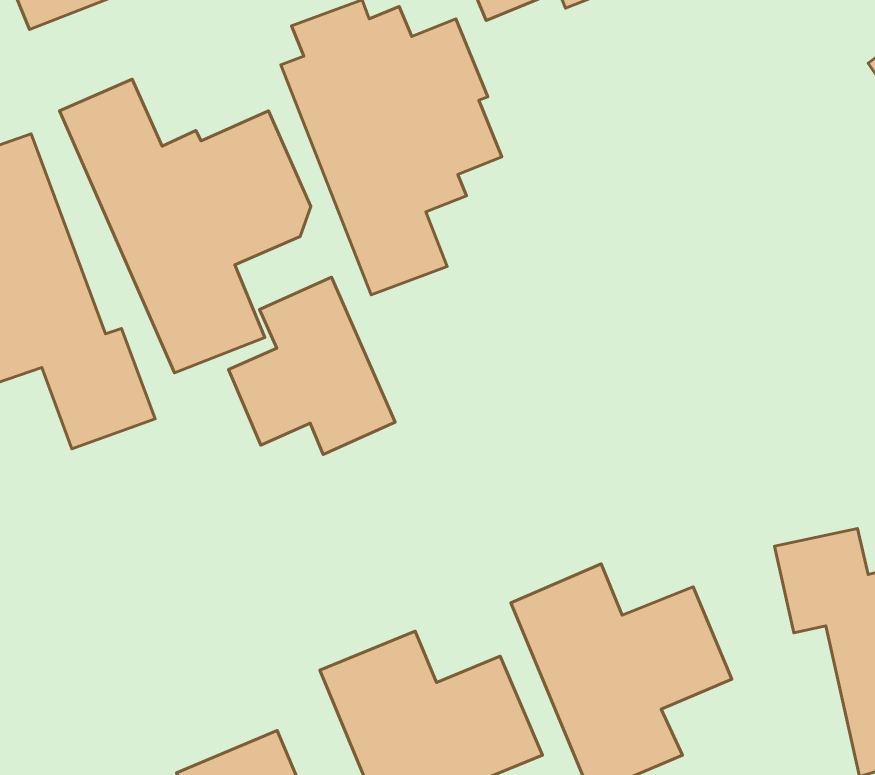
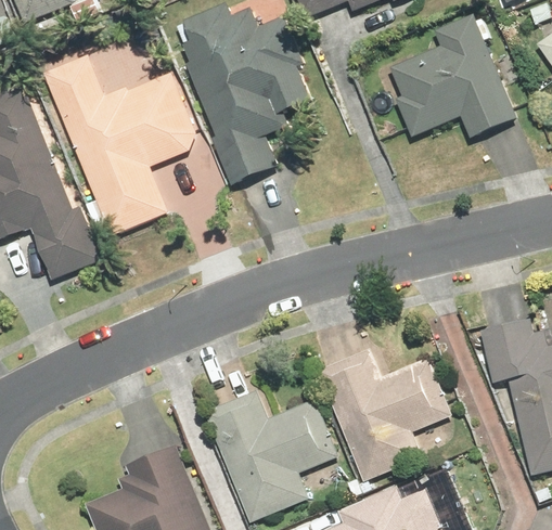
building: none -> [391,11,518,133]
building: [229,277,395,454] -> none

